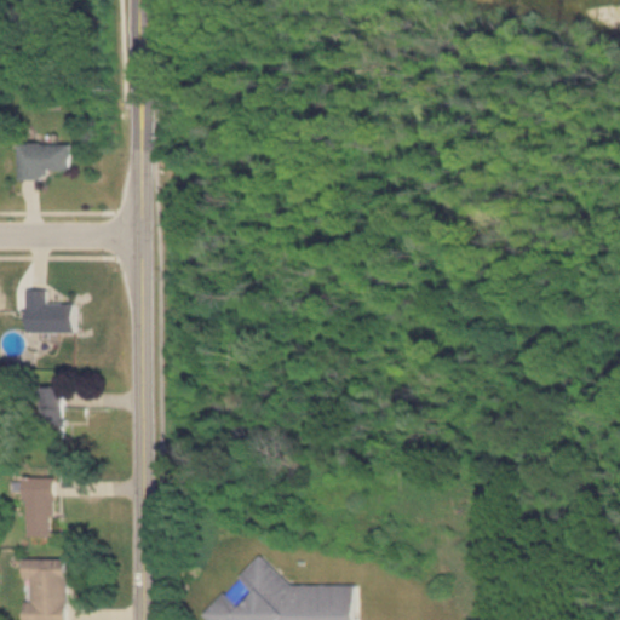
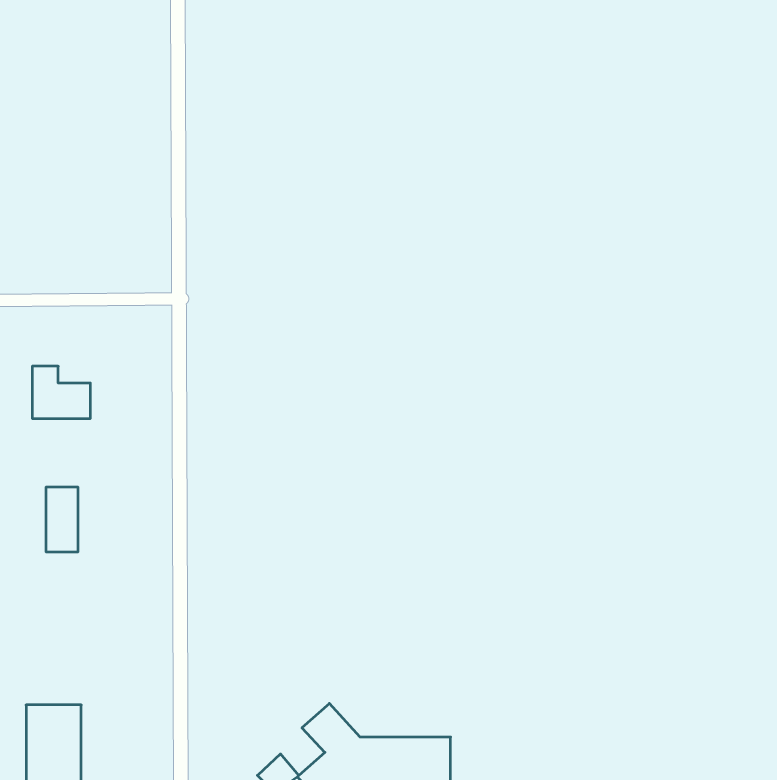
building: [18,144,69,179] -> none
building: [22,478,50,538] -> none

